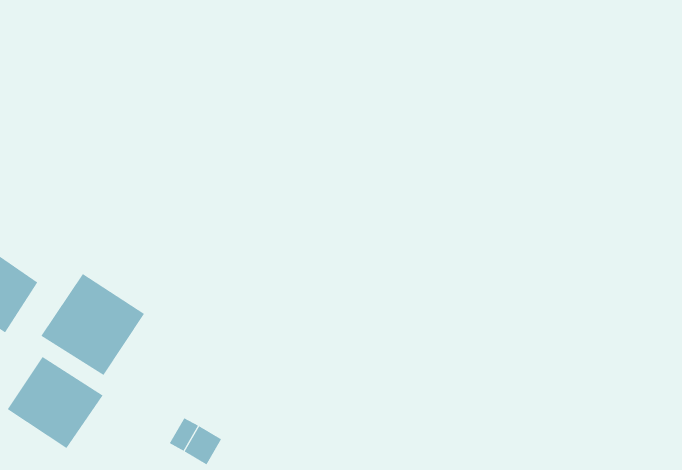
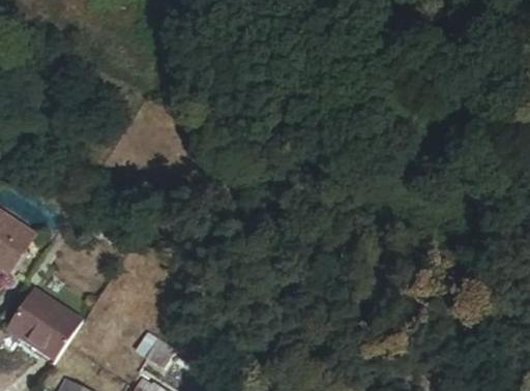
building: [40,273,145,376] -> none

